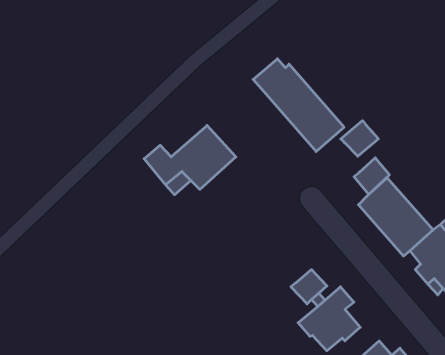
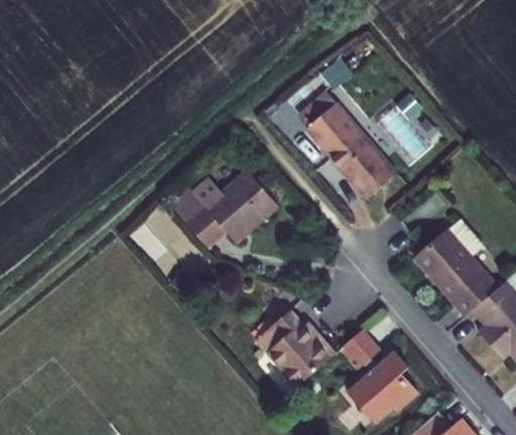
building: [341,121,378,156] -> none
building: [354,158,389,194] -> none
building: none -> [256,309,333,386]

